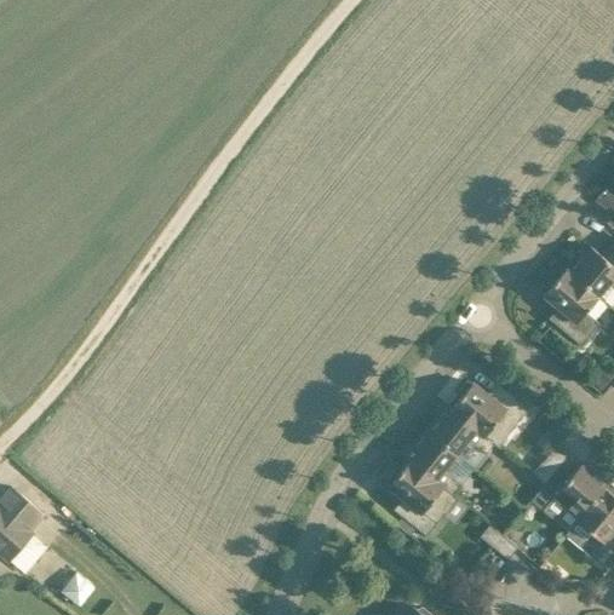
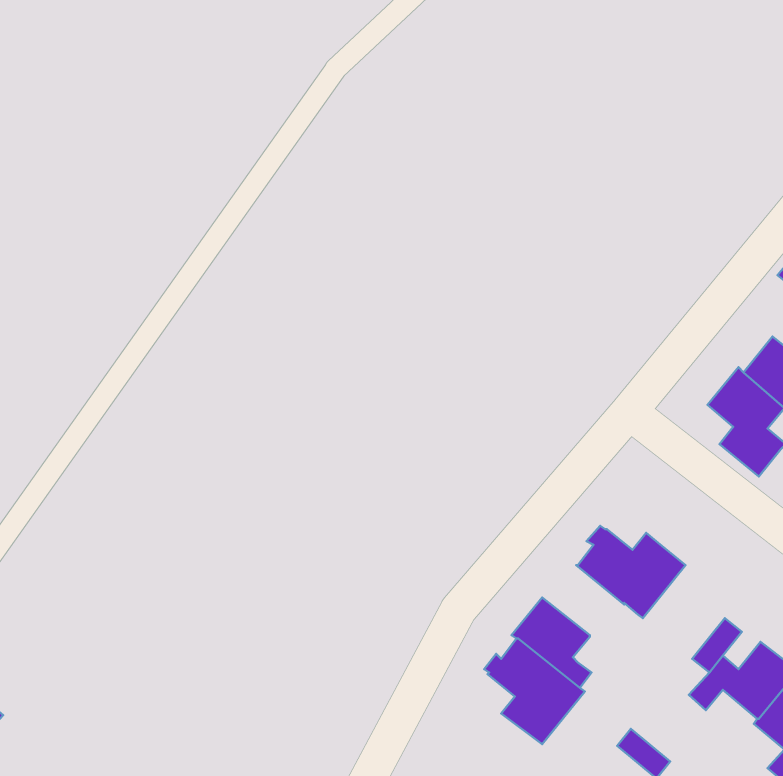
building: [426,404,494,459] -> none

